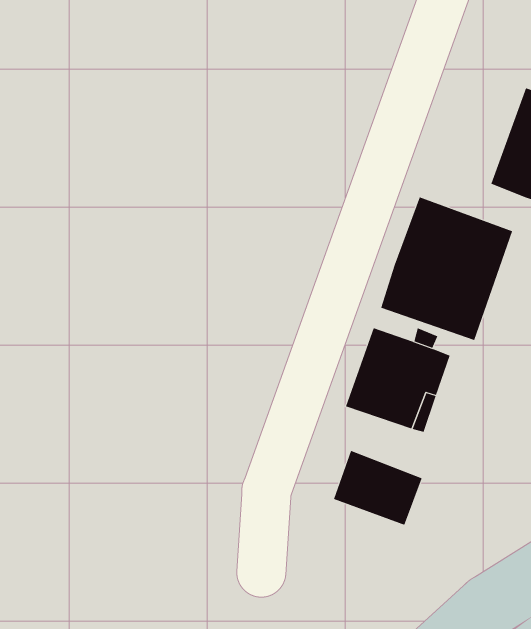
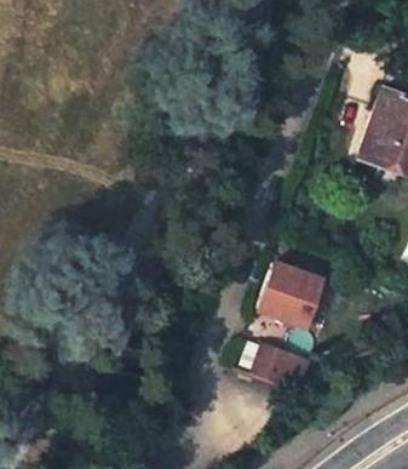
building: [380,197,513,341] -> none

